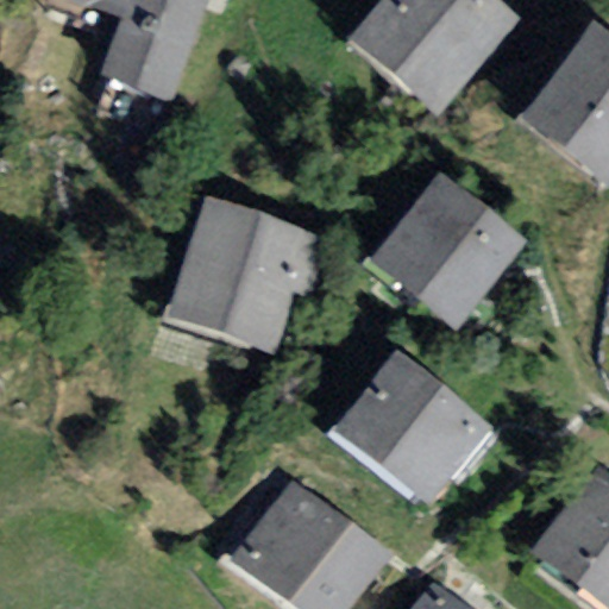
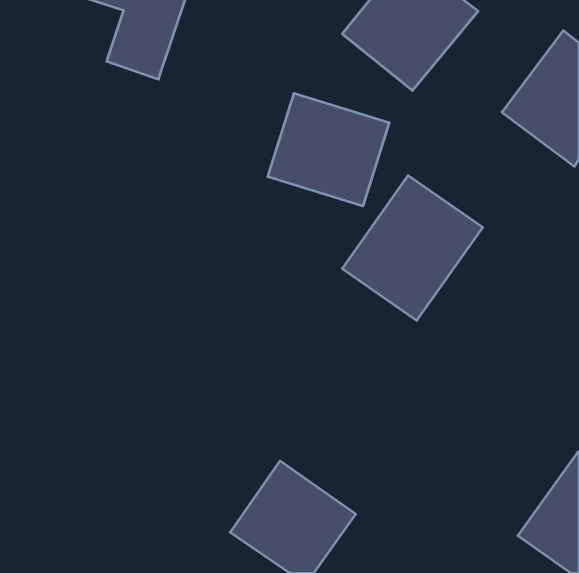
building: none -> [268,93,389,206]
building: [171,200,299,340] -> none
building: [344,359,478,491] -> none

